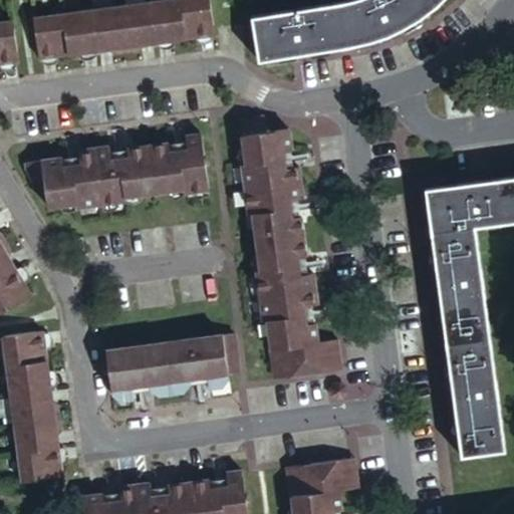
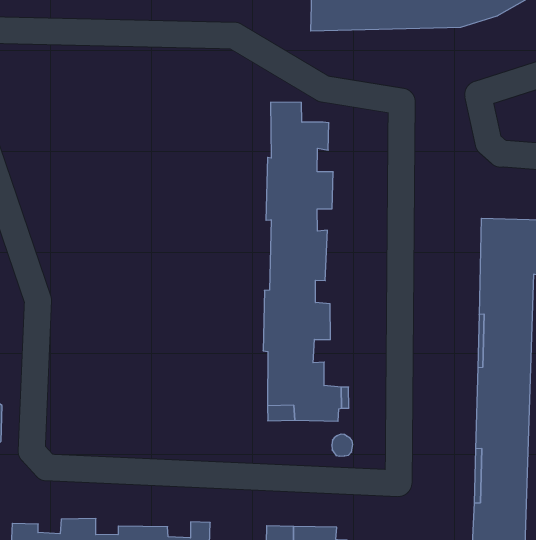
building: [23,135,207,210] -> none
building: [105,334,240,404] -> none

